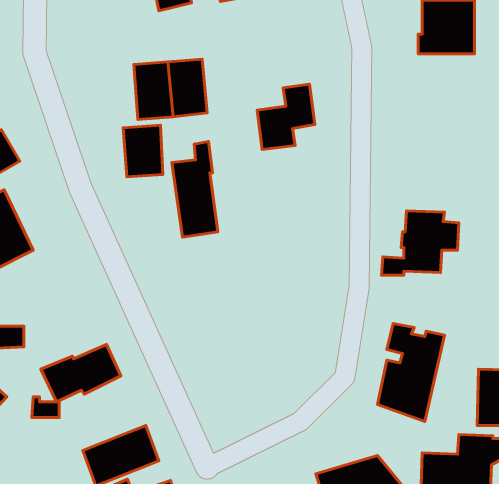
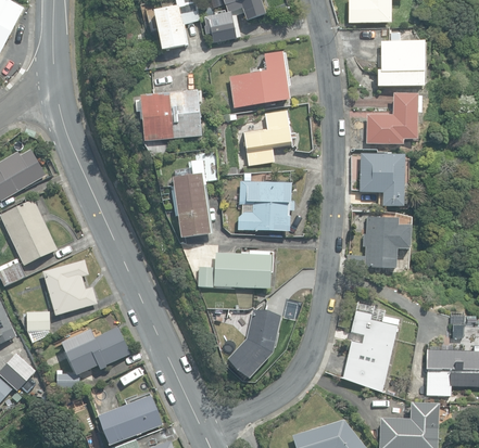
building: none -> [228,52,289,107]
building: none -> [365,92,420,143]
building: [123,125,163,177] -> none
building: none -> [358,153,405,206]
building: none -> [237,180,293,231]
building: none -> [198,251,273,287]
building: none -> [42,258,97,315]
building: none -> [227,308,280,377]

